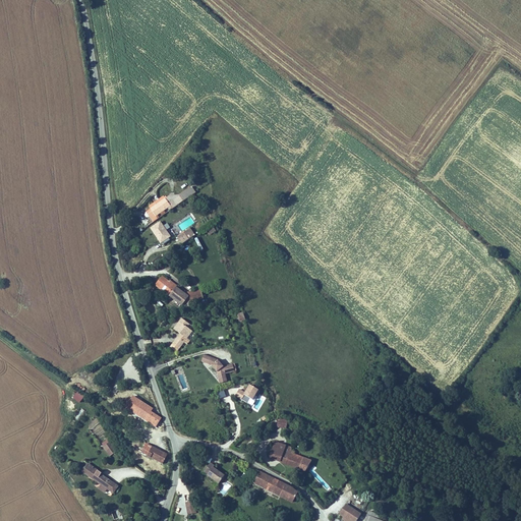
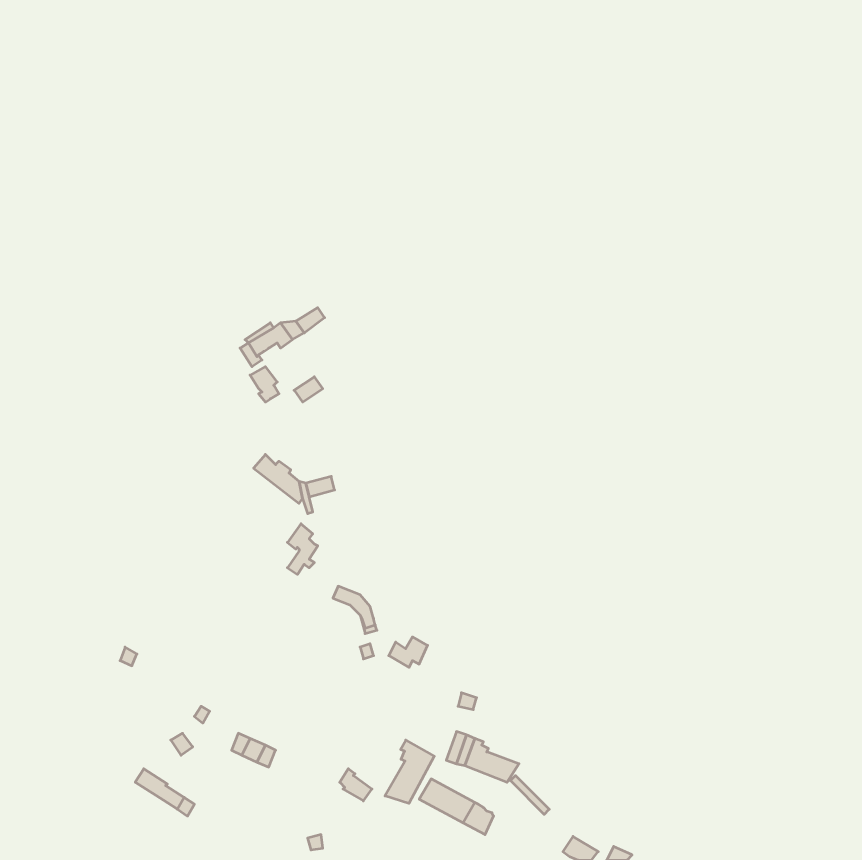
building: [124,394,161,425] -> none
building: none -> [385,740,434,803]

